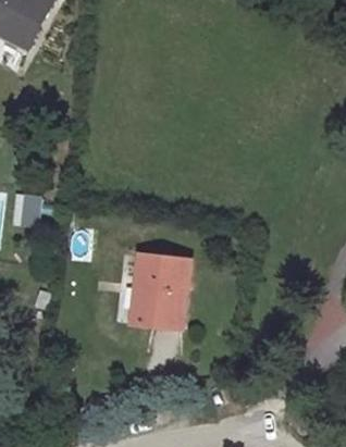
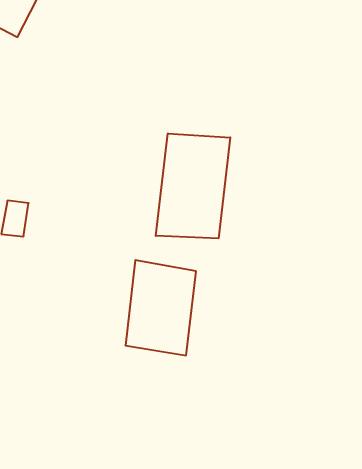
building: none -> [156,133,230,238]

